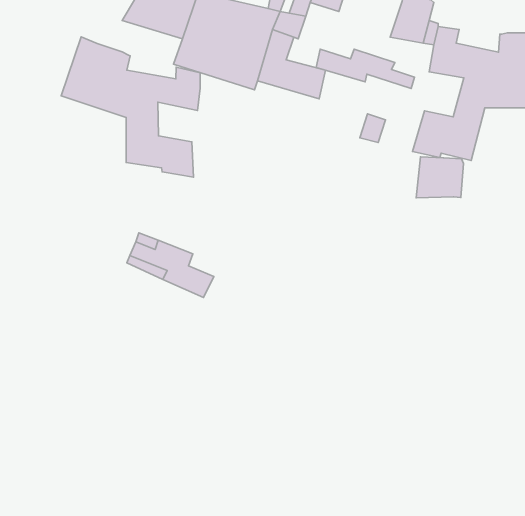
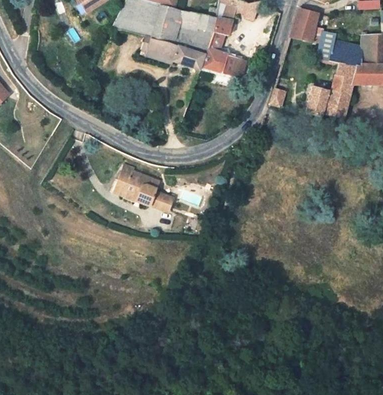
building: [61,37,200,177] -> none
building: [316,49,414,88] -> none
building: [416,157,463,198] -> none

